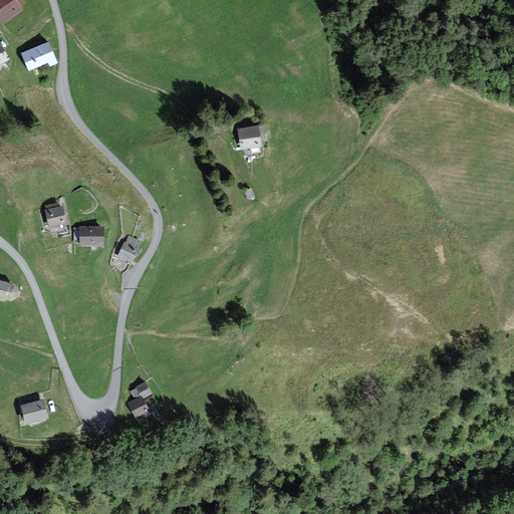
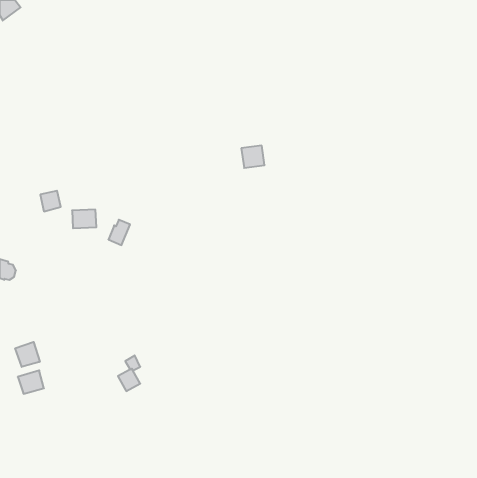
building: [19,41,57,70] -> none
building: [236,124,261,149] -> [241,146,265,168]
building: none -> [15,342,40,367]

